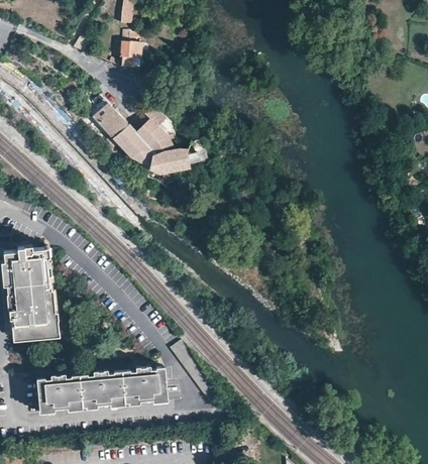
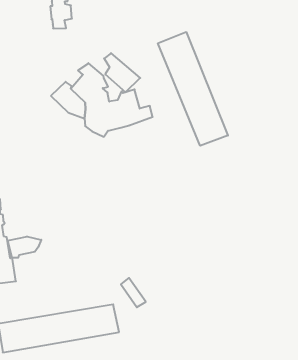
building: none -> [158,32,228,146]
building: [93,96,130,139] -> [104,53,140,92]
building: none -> [8,236,41,258]

